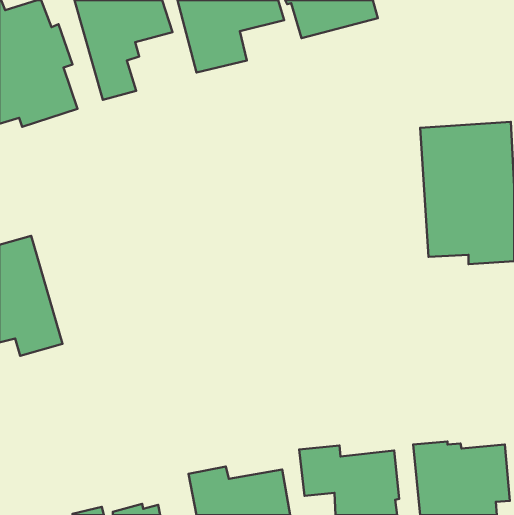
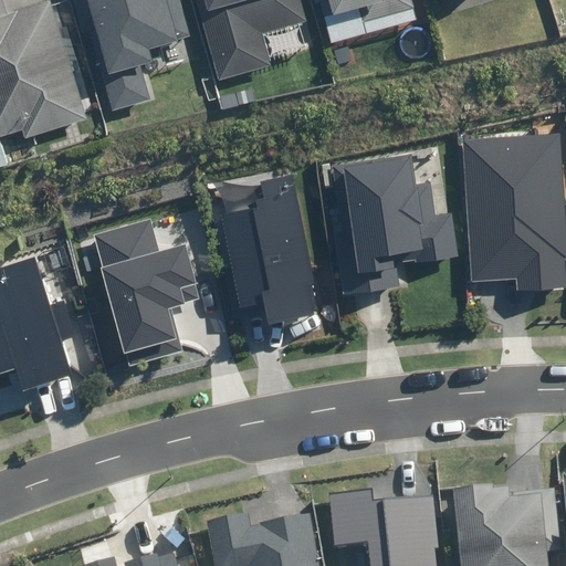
building: none -> [333,155,459,294]
building: none -> [223,174,315,324]
building: none -> [92,219,198,367]

